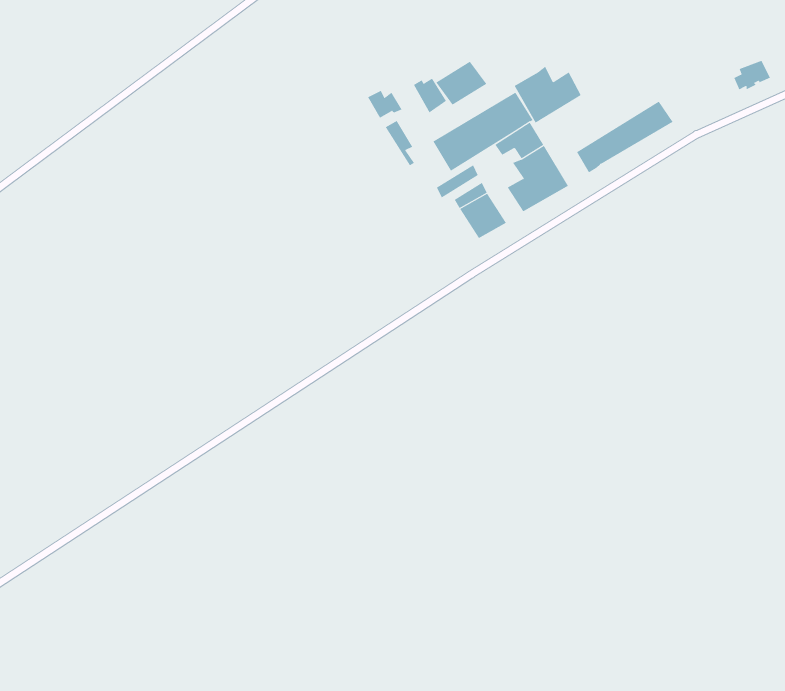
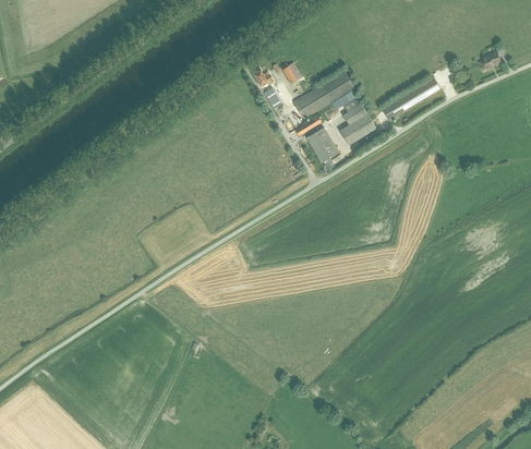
building: [435,61,487,106] -> none
building: [514,66,582,123] -> none

